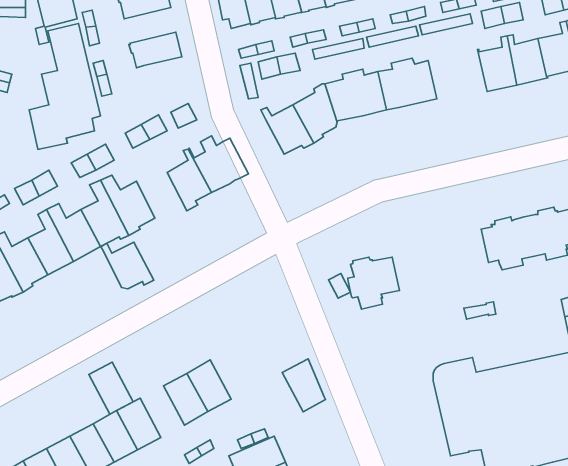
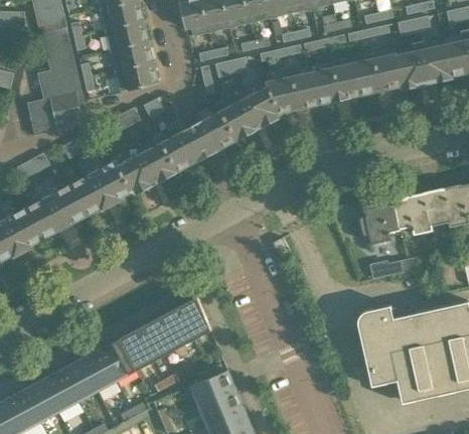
building: none -> [104,19,147,48]
building: none -> [353,51,401,94]
building: none -> [114,59,157,92]
building: none -> [191,110,236,155]
building: [101,242,154,289] -> [113,154,156,192]
building: [348,257,400,309] -> [360,200,403,243]
building: [282,359,325,412] -> [175,296,210,339]
building: [89,362,133,414] -> [118,328,154,371]

